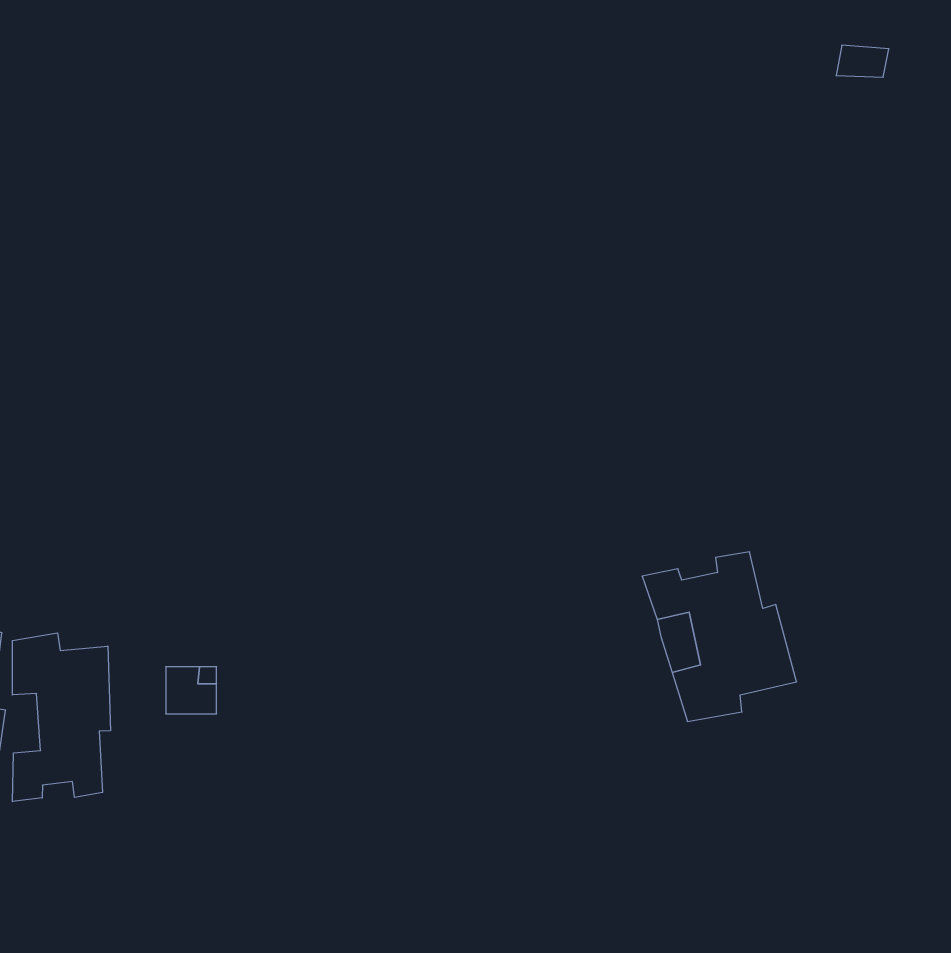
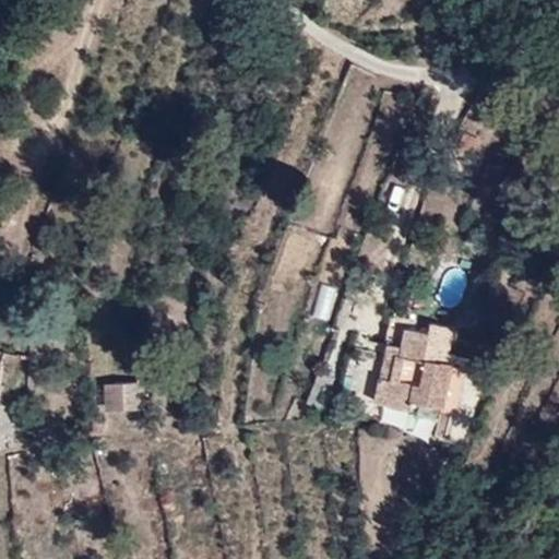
building: [12,633,110,802] -> none

